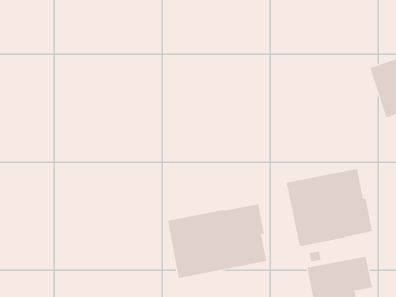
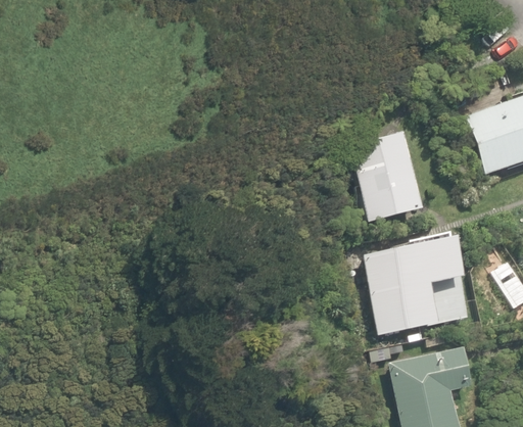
building: none -> [347,134,420,224]
building: [168,204,267,279] -> none

